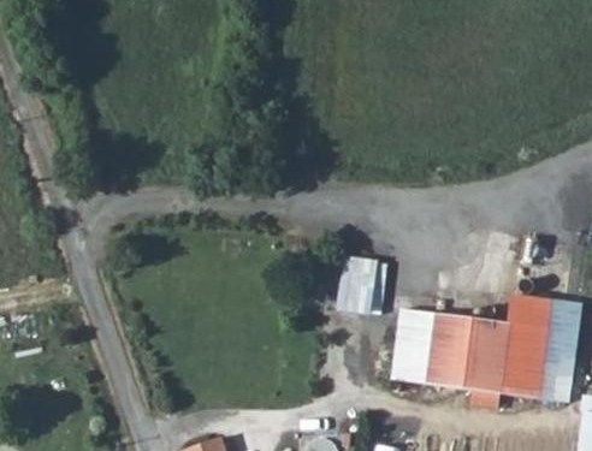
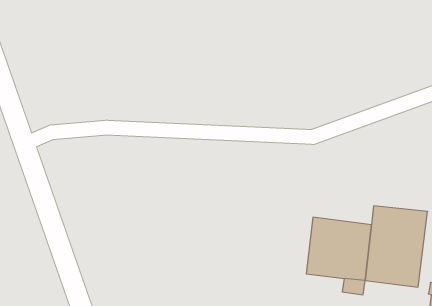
building: [337,256,385,311] -> none
building: [392,308,433,384] -> none

